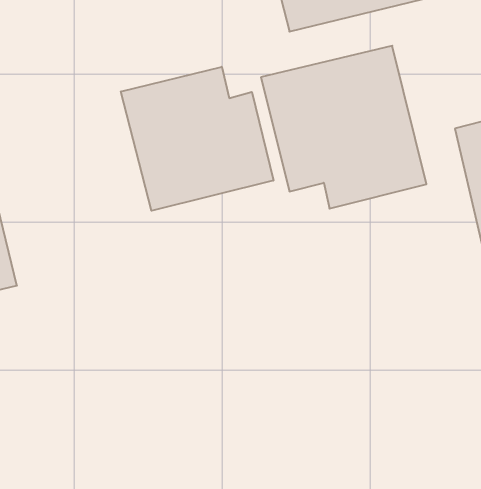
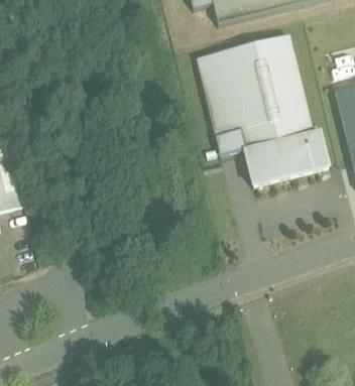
building: [121,67,273,211] -> none
building: none -> [245,131,329,185]

